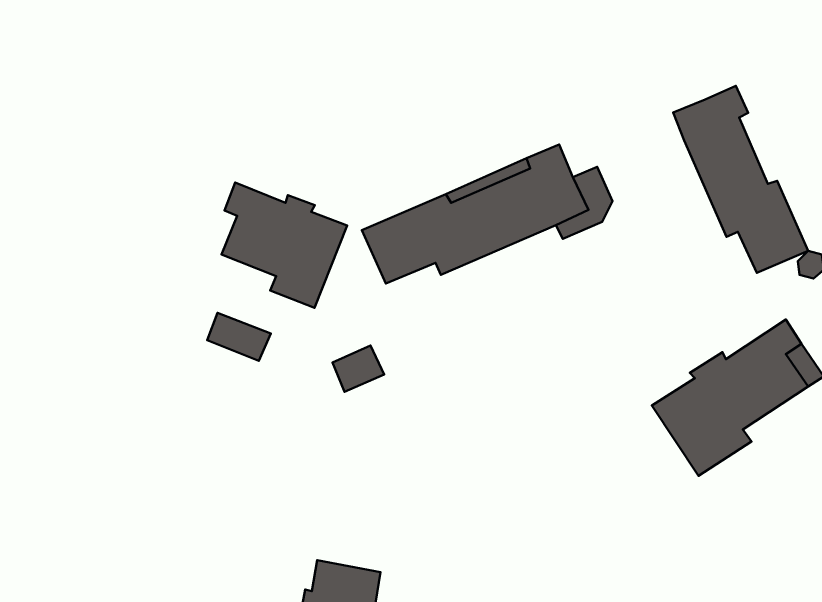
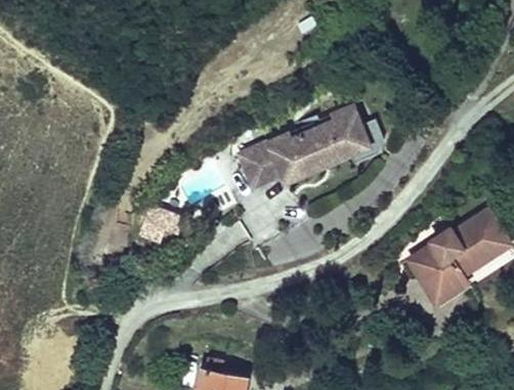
building: [673,86,808,273] -> none
building: [222,183,347,308] -> none

